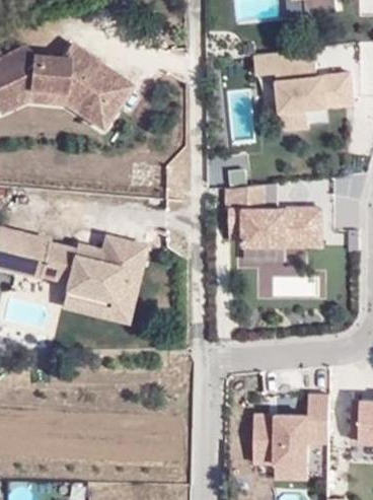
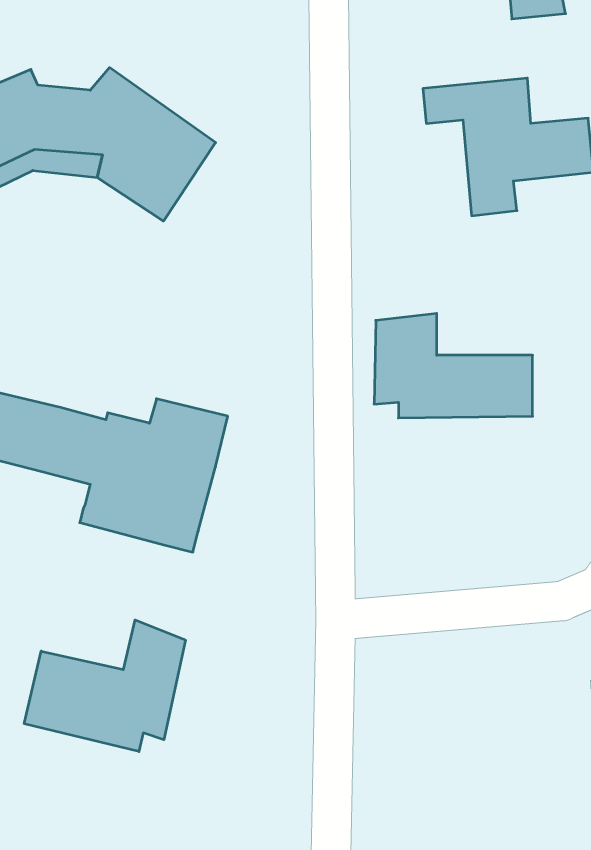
building: none -> [24,620,185,752]
building: [258,395,332,480] -> none

